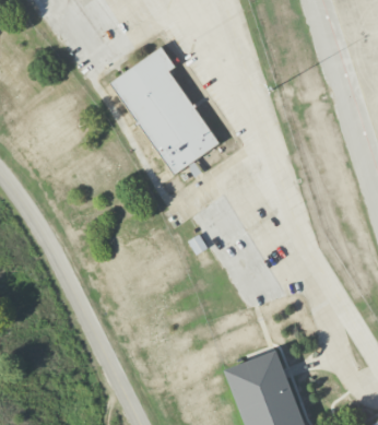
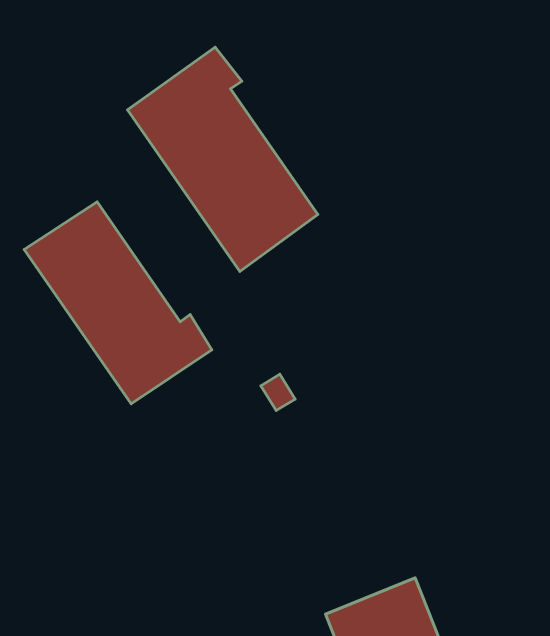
building: none -> [24,202,212,404]

